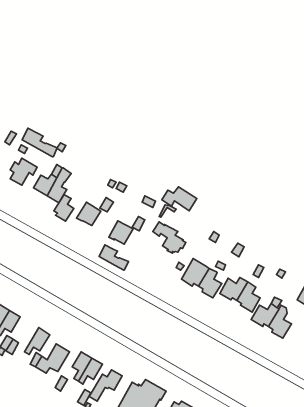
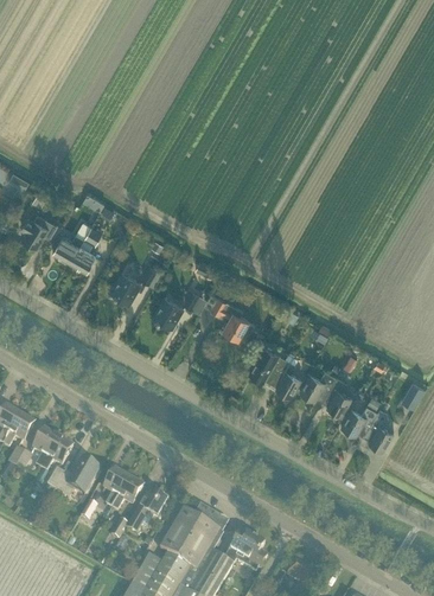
building: [22,128,57,157] -> none
building: [162,187,197,211] -> none
building: [54,194,74,221] -> none
building: [99,245,128,270] -> none
building: none -> [31,430,58,470]

